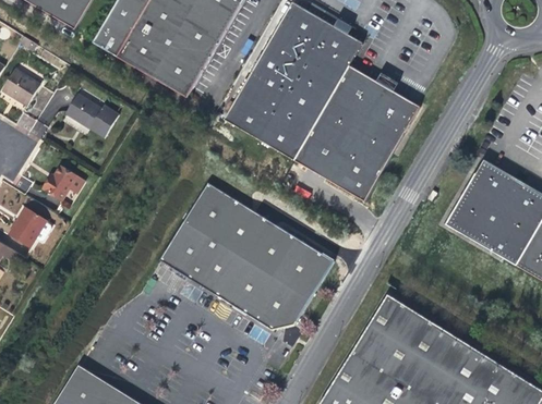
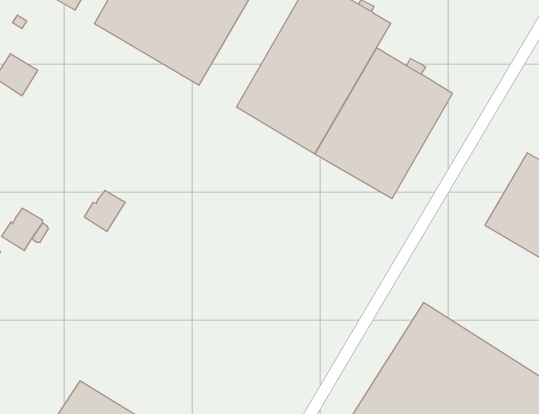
building: [64,91,119,136] -> none
building: [43,166,80,203] -> [84,190,125,231]
building: [156,182,330,329] -> none

